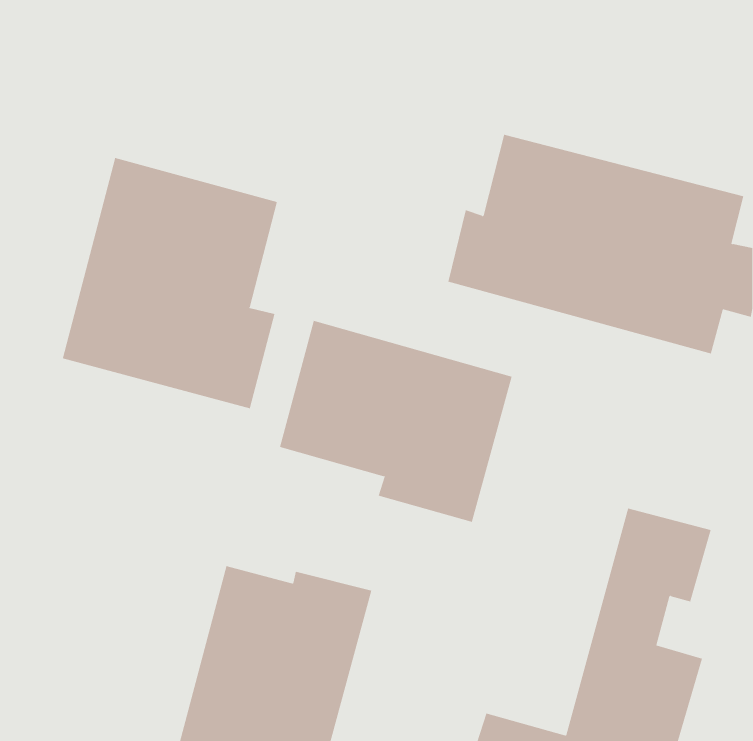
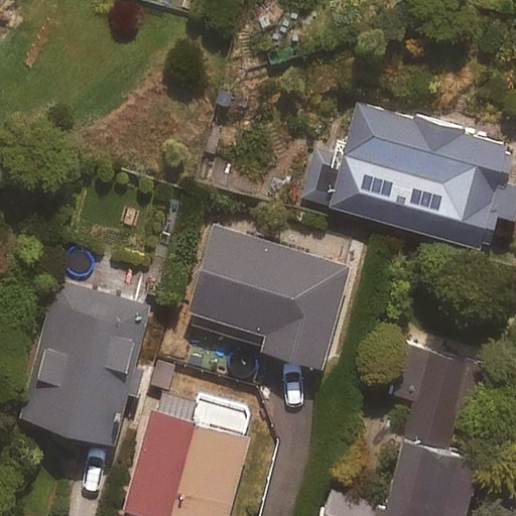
building: [62,157,278,409] -> none
building: none -> [20,282,148,443]

